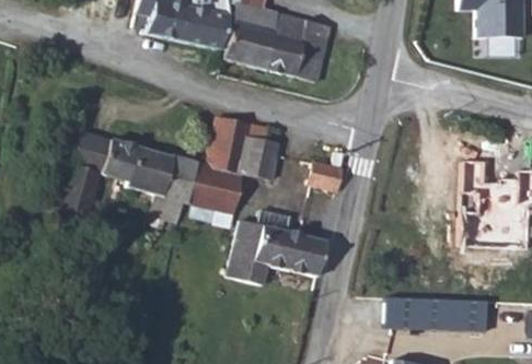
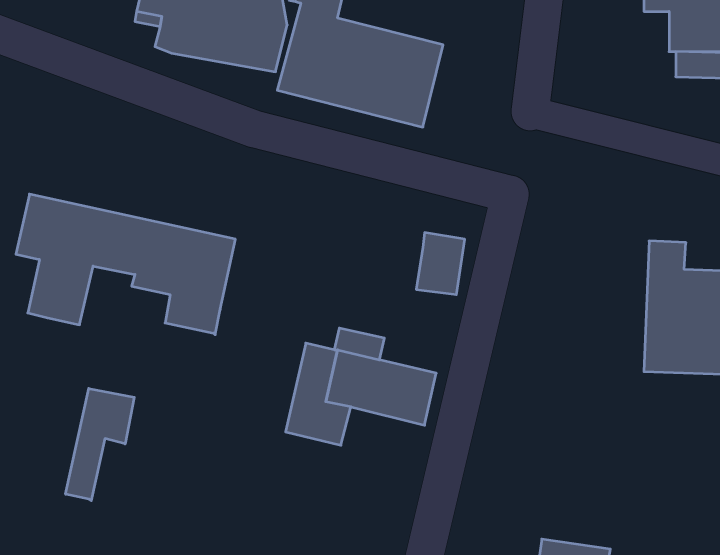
building: [185,115,289,213] -> none
building: none -> [66,388,134,501]
building: [384,293,491,333] -> none

